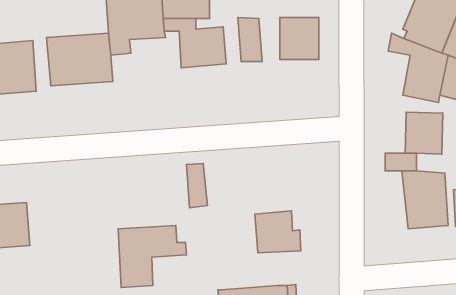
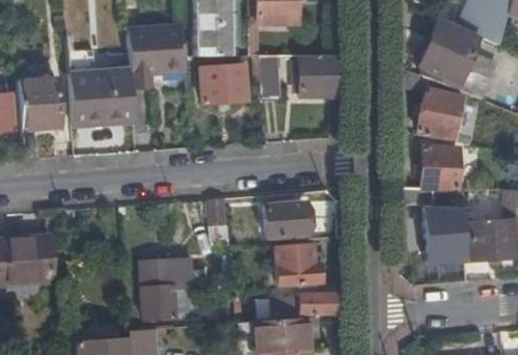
building: none -> [264,201,306,237]
building: none -> [270,290,337,320]

